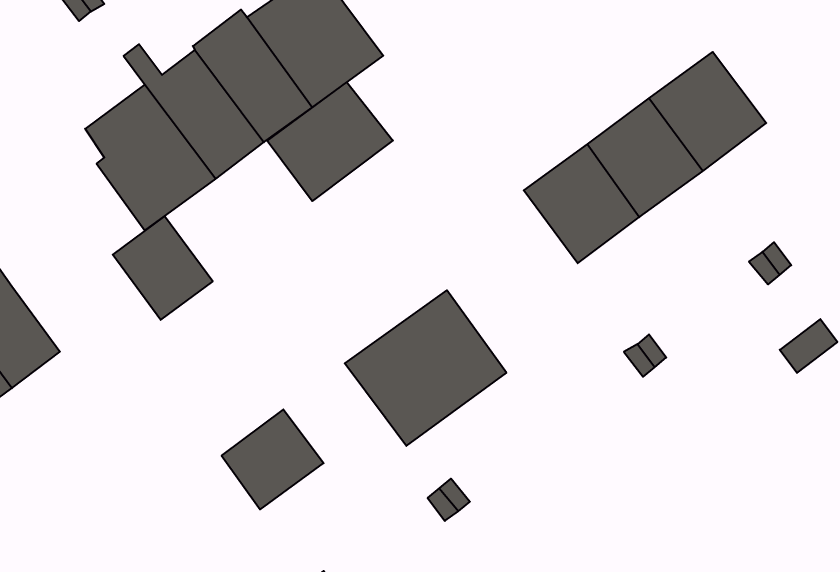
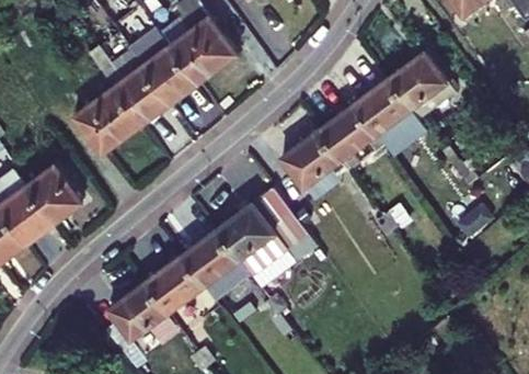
building: [267,82,393,201] -> none
building: none -> [281,132,348,189]
building: [113,216,213,320] -> [26,165,83,224]
building: none -> [181,230,239,287]
building: none -> [108,283,168,340]

